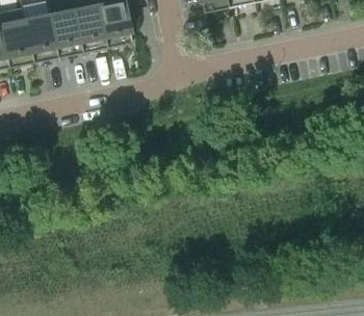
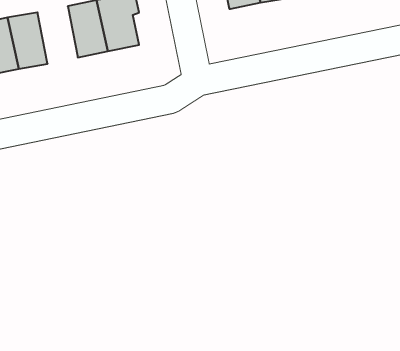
building: [48,8,81,56] -> none

